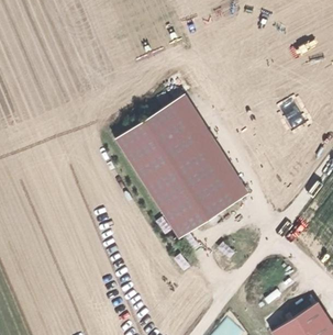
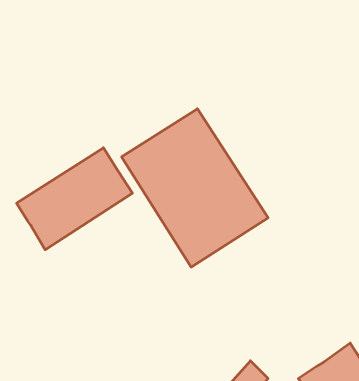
building: none -> [17,148,132,250]

